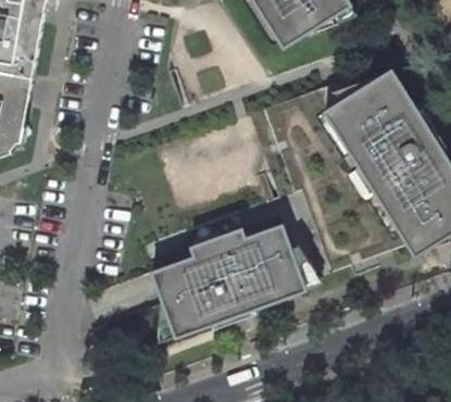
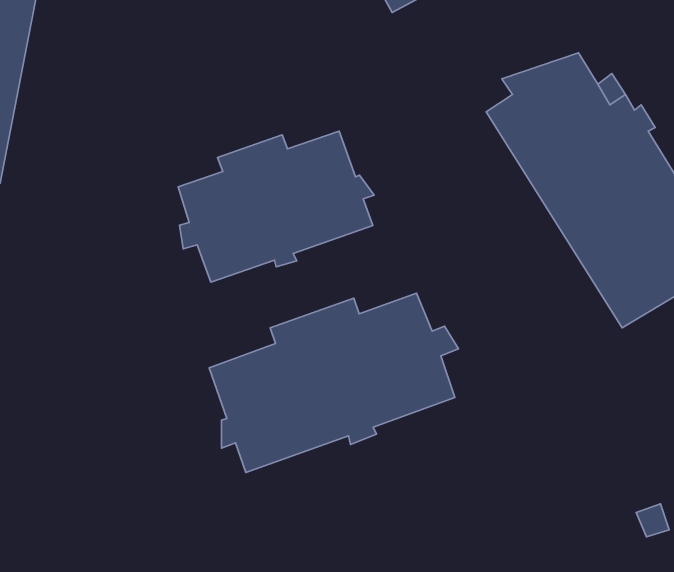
building: none -> [178,131,374,282]

